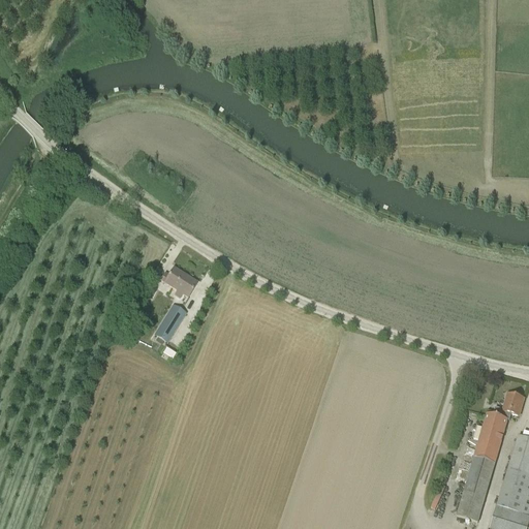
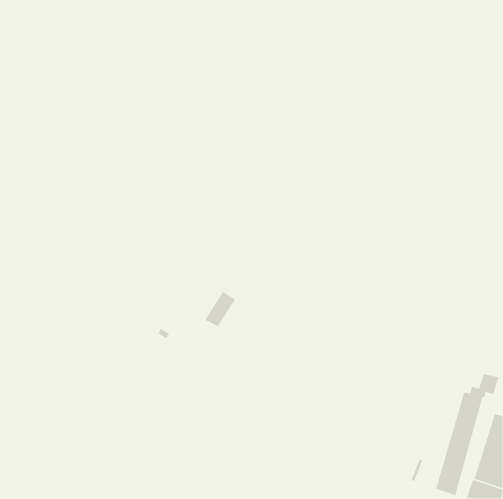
building: [159,266,196,297] -> none
building: [153,303,186,341] -> [204,291,236,327]

